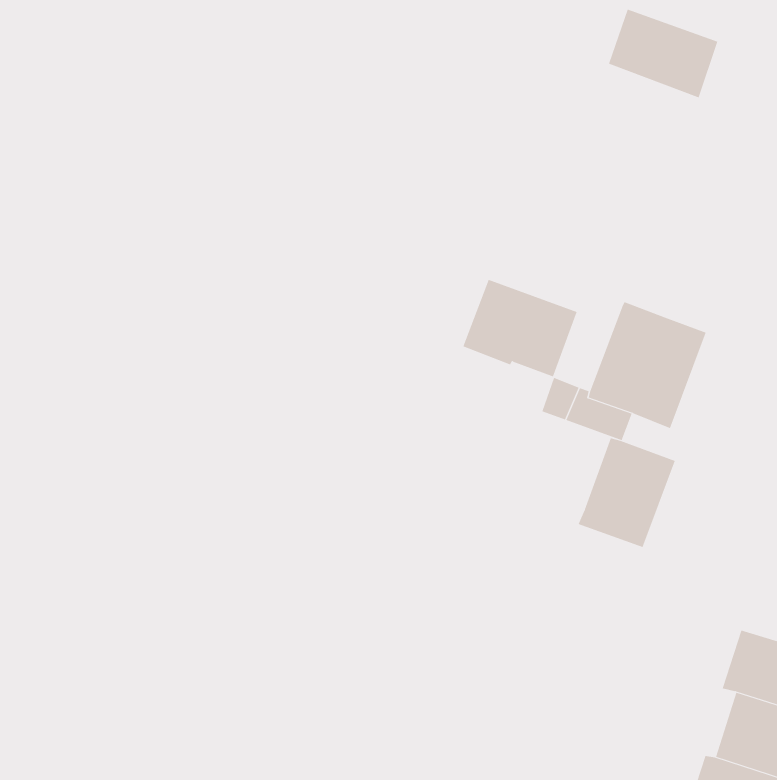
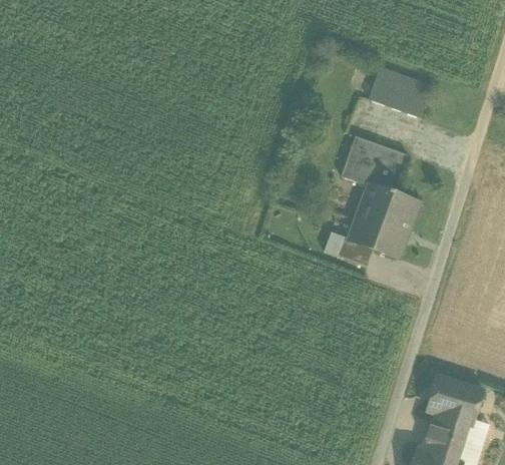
building: [608,9,718,98] -> [366,65,430,117]
building: [462,279,578,377] -> [339,135,406,192]
building: [578,437,676,548] -> none

